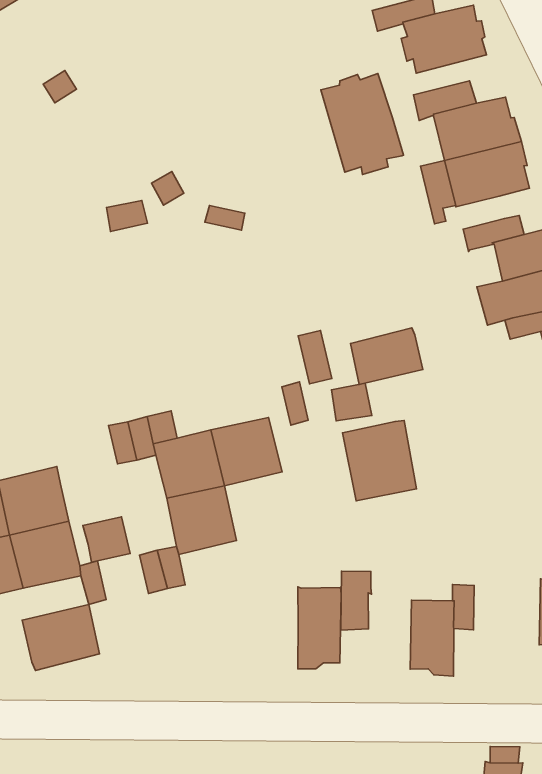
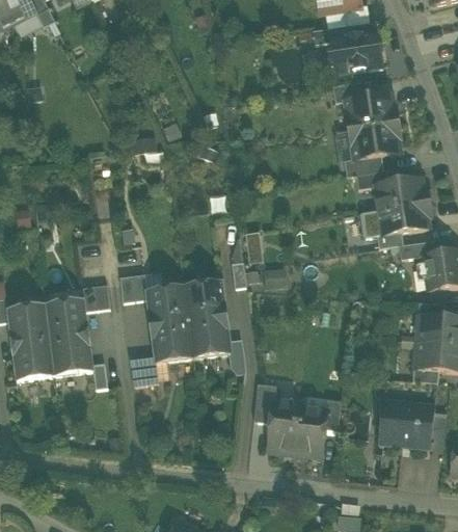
building: [321,73,404,175] -> none
building: none -> [345,156,383,177]
building: [350,328,423,384] -> none
building: [342,421,416,501] -> none
building: none -> [189,317,231,357]
building: [83,517,130,562] -> [82,284,110,311]
building: [298,587,341,669] -> [268,399,300,452]
building: [22,604,100,671] -> none

